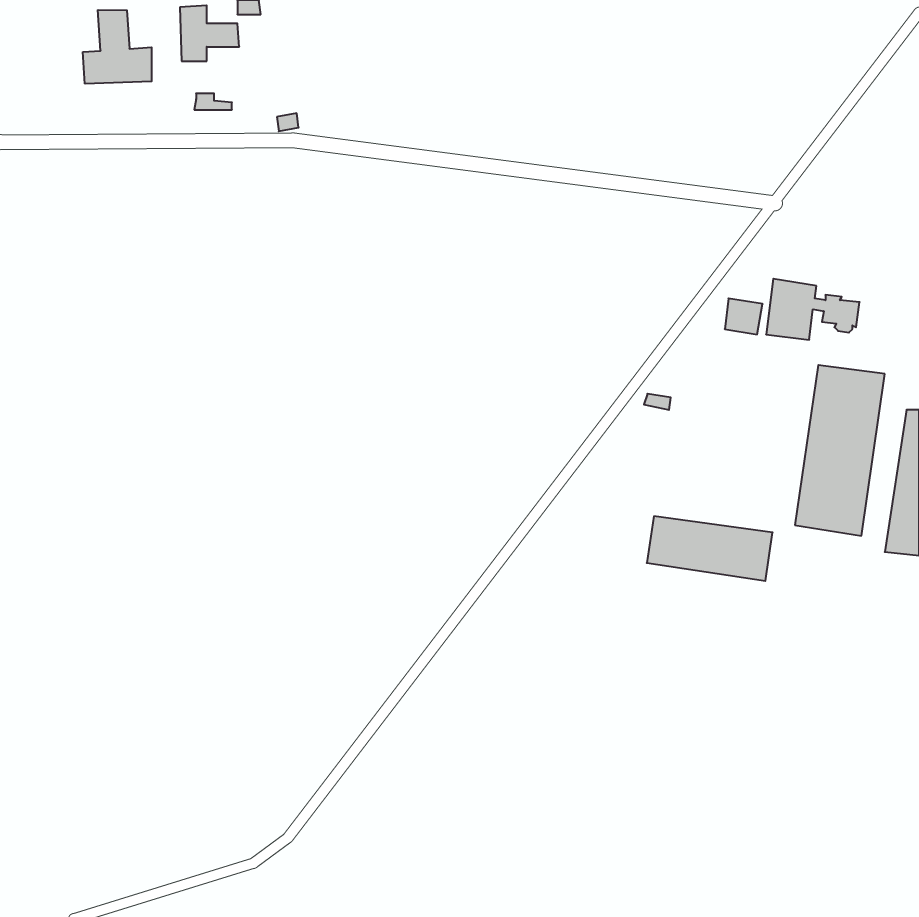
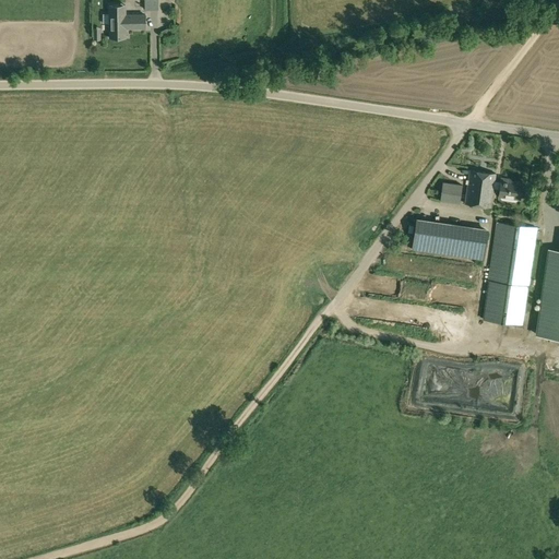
building: [83,10,152,84] -> none
building: [647,516,773,581] -> [412,221,488,260]

